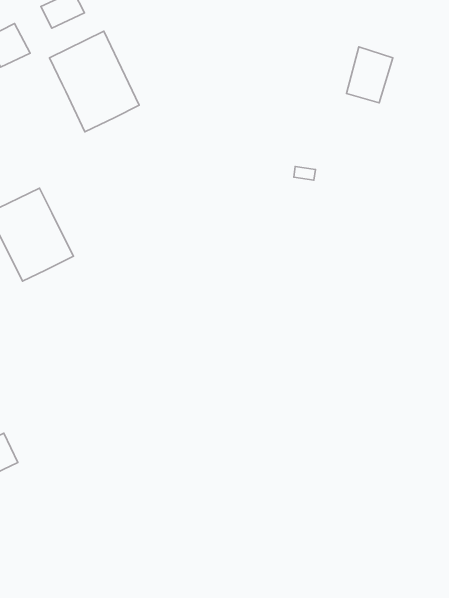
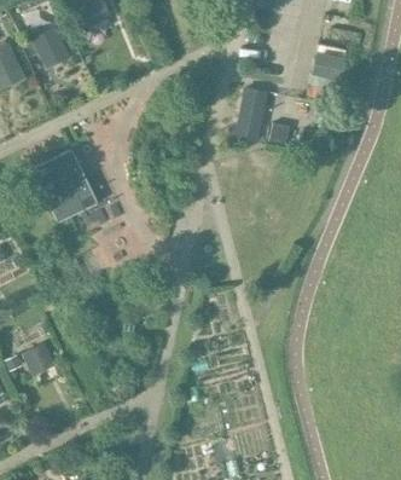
building: [50,31,139,132] -> none
building: none -> [234,87,267,143]

